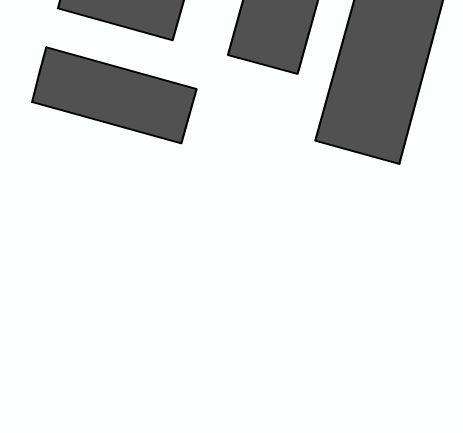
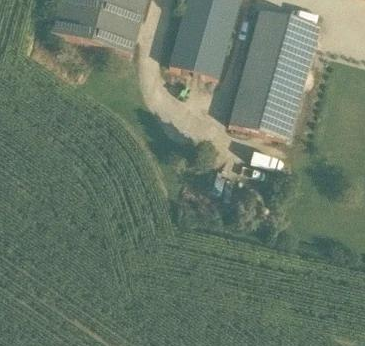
building: [32,47,197,143] -> none

